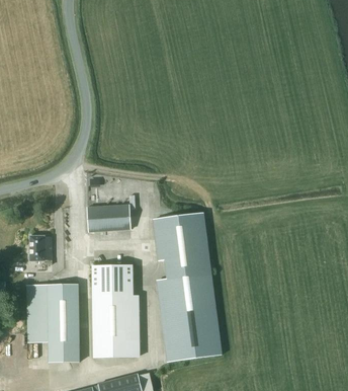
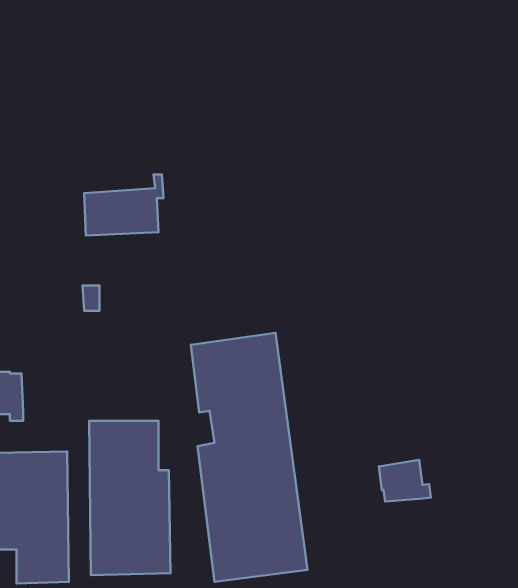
building: [86,194,134,231] -> [84,175,164,236]
building: none -> [379,460,431,502]

